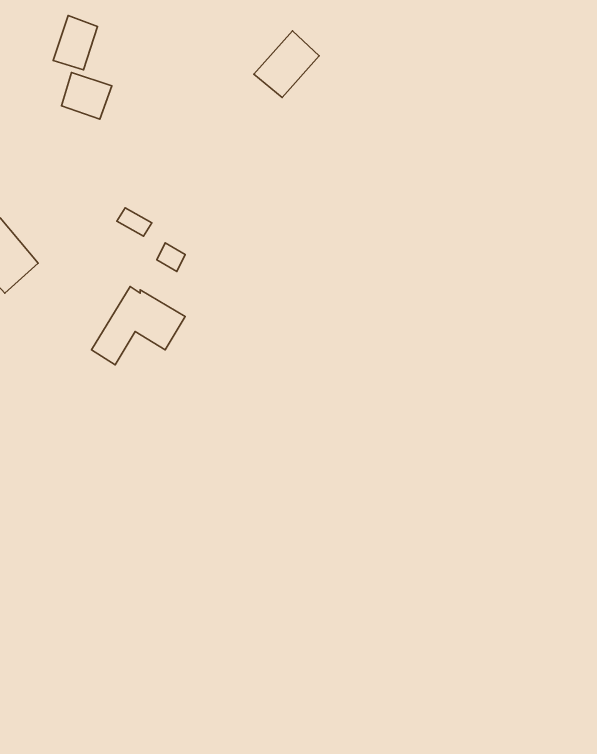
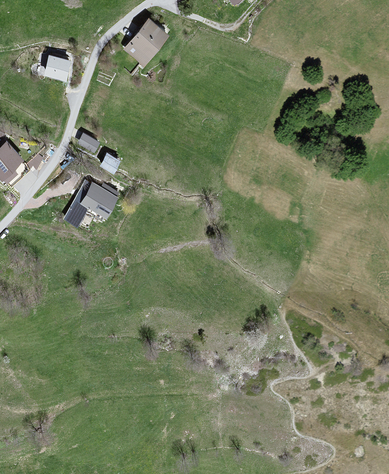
building: [53,16,98,70] -> none
building: [254,31,319,98] -> [124,23,163,63]

